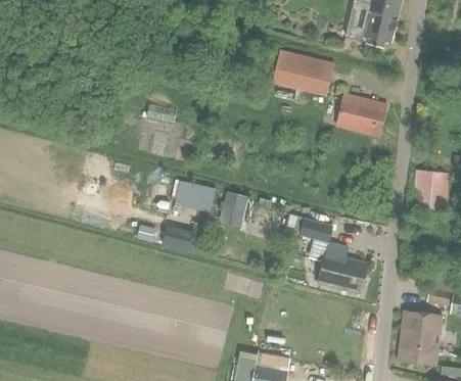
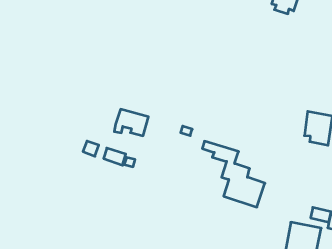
building: [274,49,333,94] -> none
building: [336,93,385,136] -> none
building: [221,187,253,225] -> none

